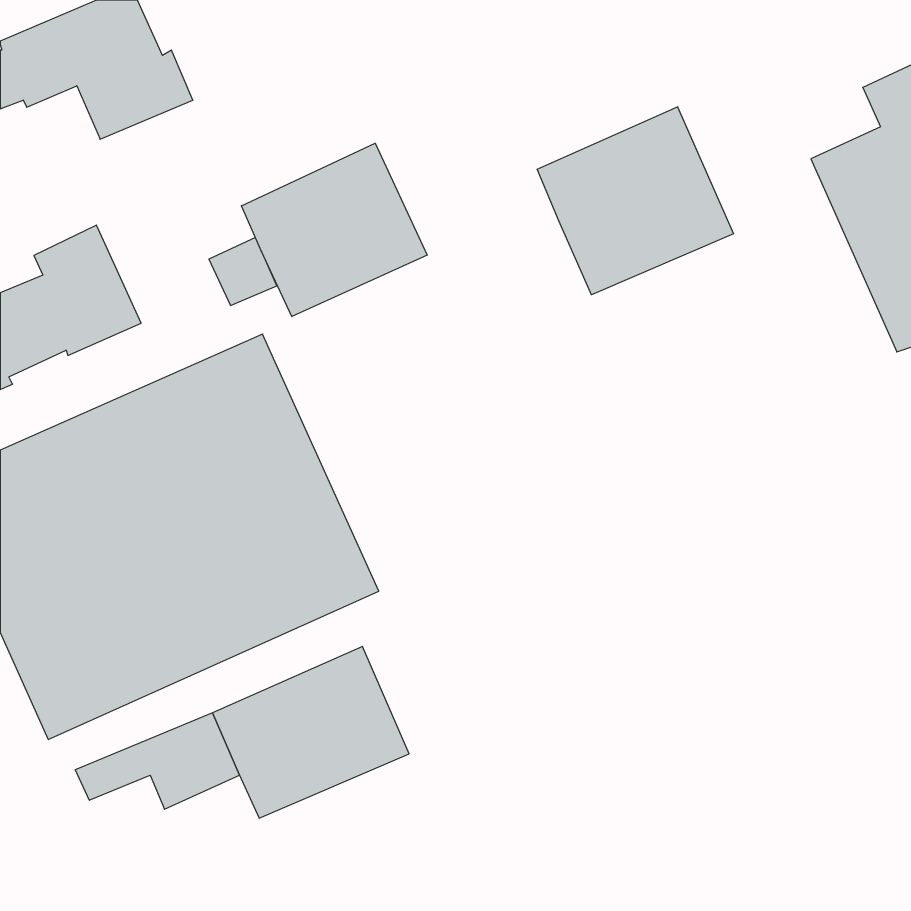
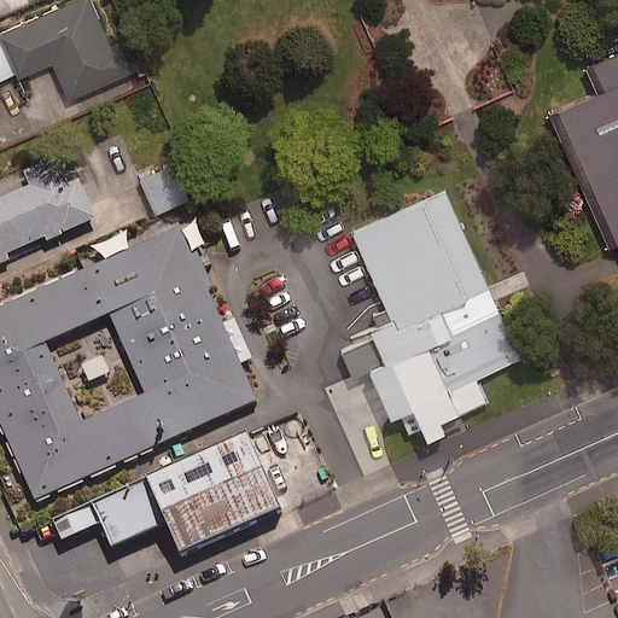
building: [537,107,733,295] -> none
building: [241,143,427,317] -> none
building: none -> [344,191,517,436]

